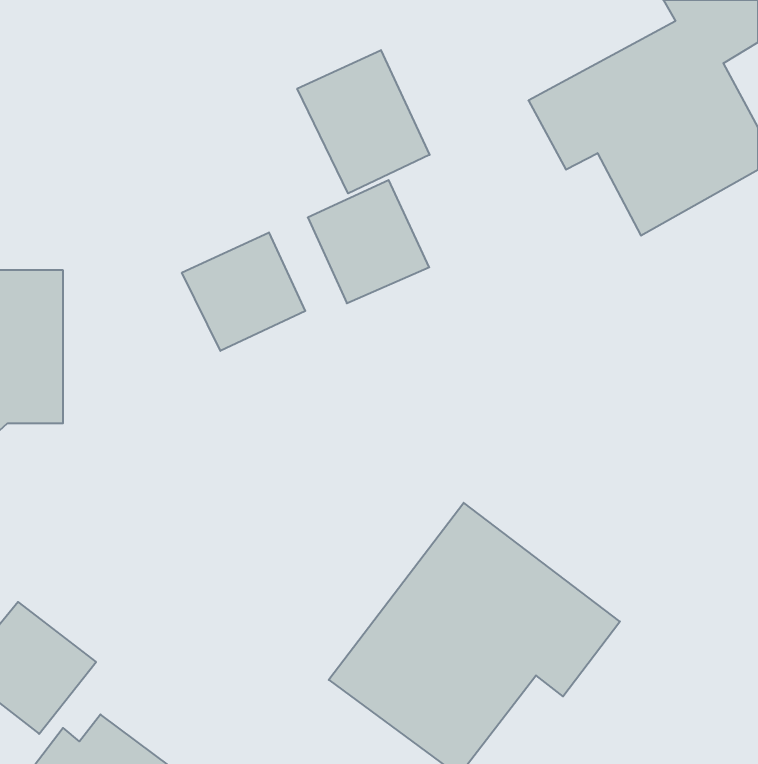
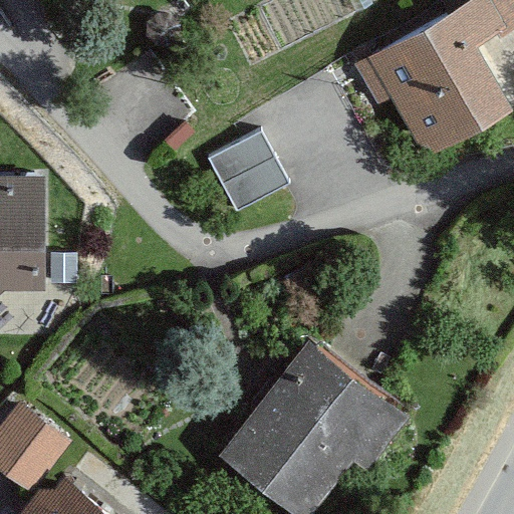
building: [297,50,430,193] -> none
building: [182,232,305,351] -> none

